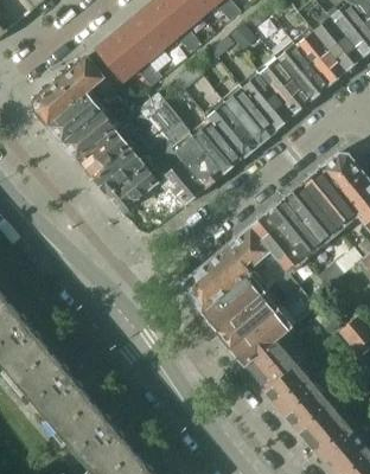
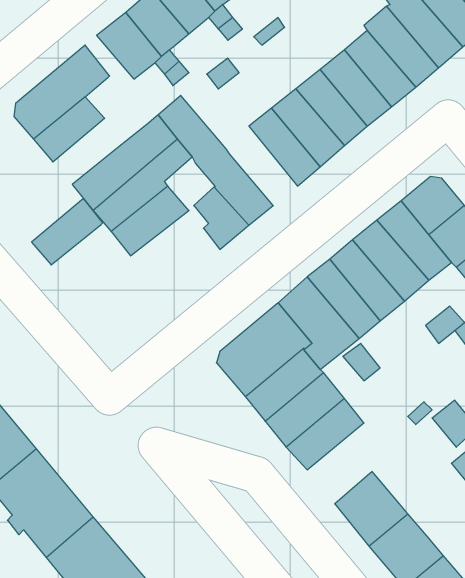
building: [63,110,115,159] -> [32,198,103,265]
building: [192,116,242,174] -> none
building: [249,338,296,392] -> none

